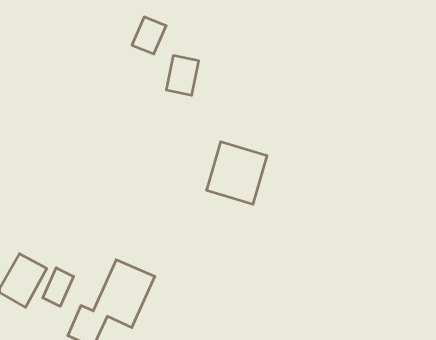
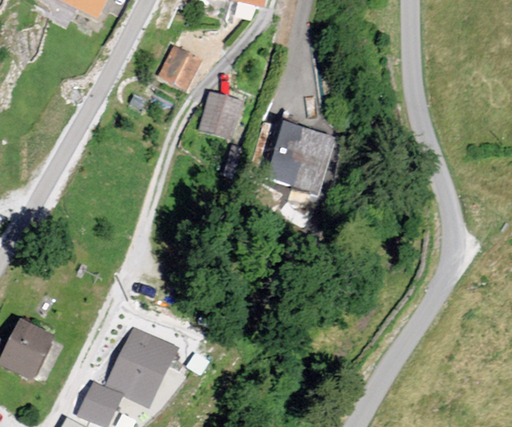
building: [206,142,267,204] -> [271,121,340,192]
building: [43,268,74,306] -> none

